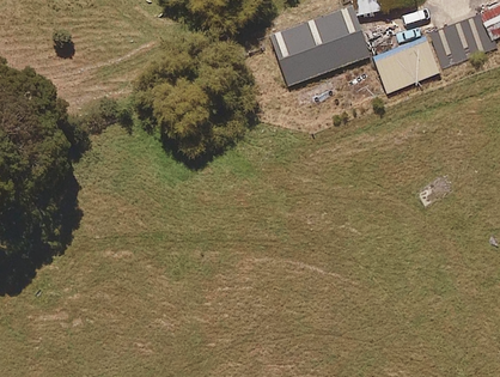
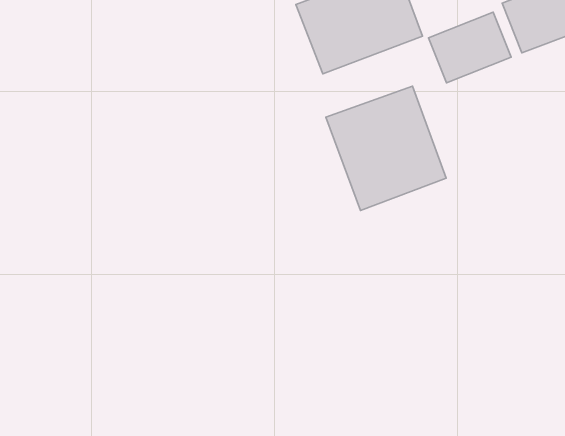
building: none -> [326,86,446,210]

